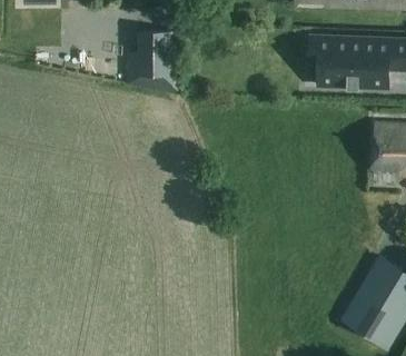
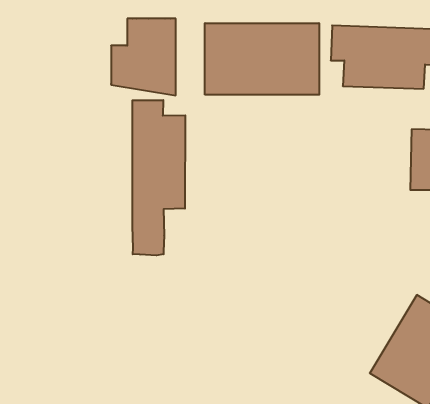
building: none -> [205,23,319,95]
building: none -> [132,100,185,255]

